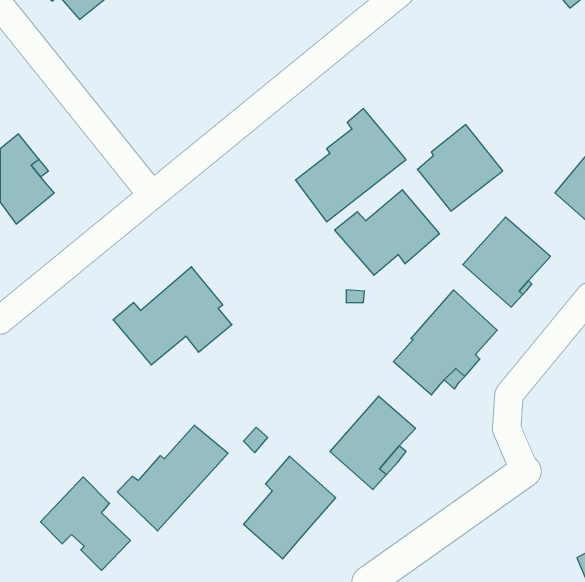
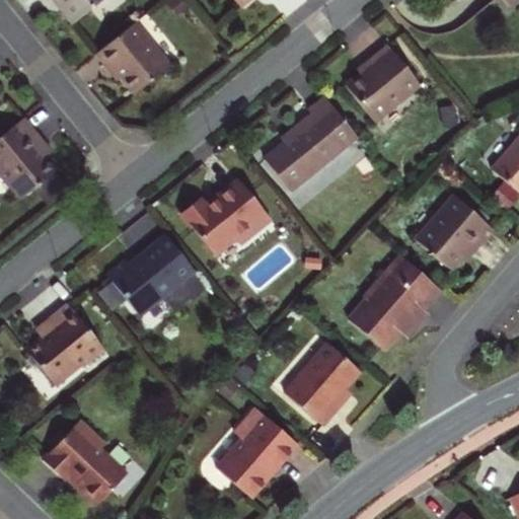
building: none -> [92,20,167,90]
building: [417,125,503,211] -> [346,49,421,125]
building: [335,190,440,275] -> [181,176,274,251]
building: none -> [30,309,101,383]
building: [117,425,228,531] -> none

